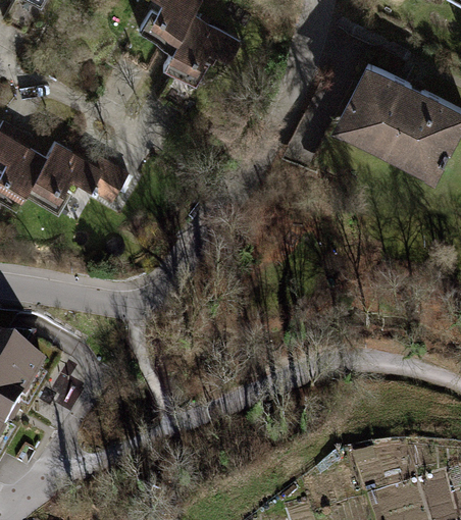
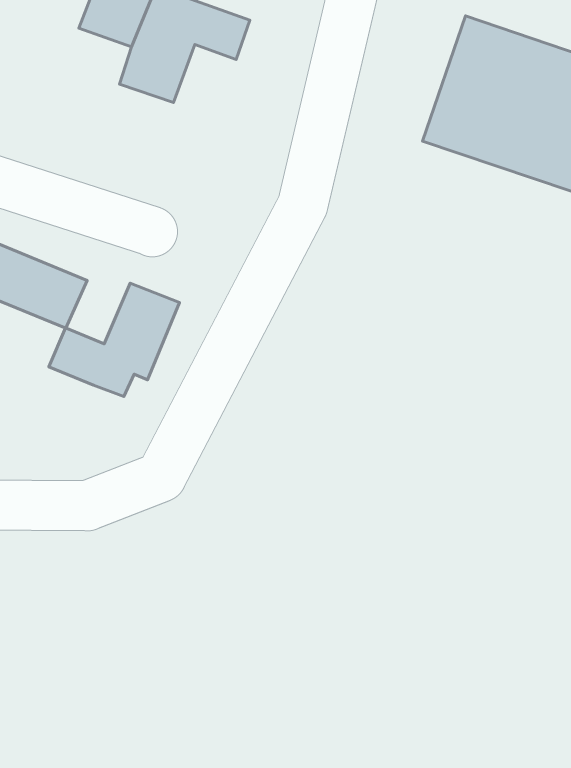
building: none -> [49,283,180,397]

